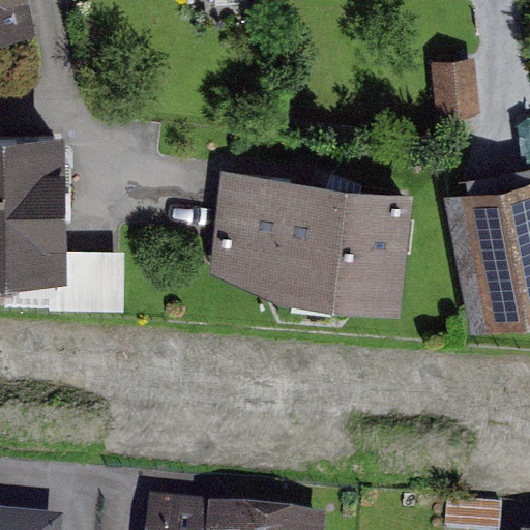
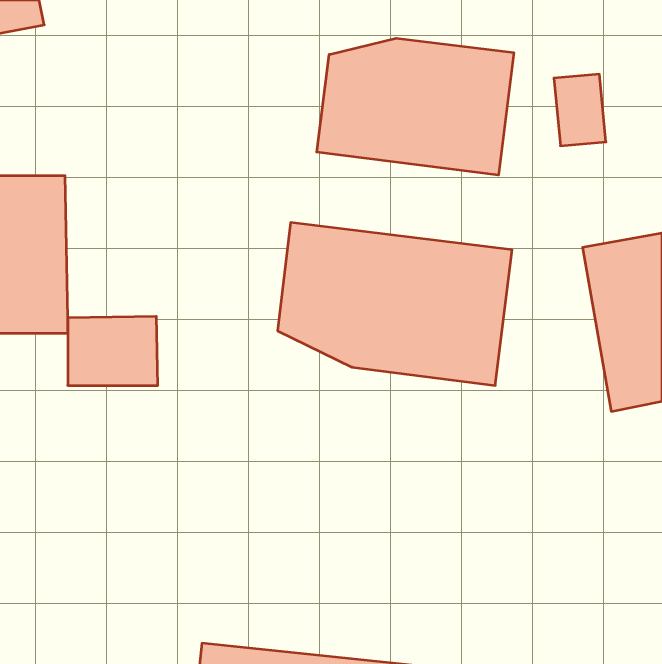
building: none -> [317,38,514,175]

